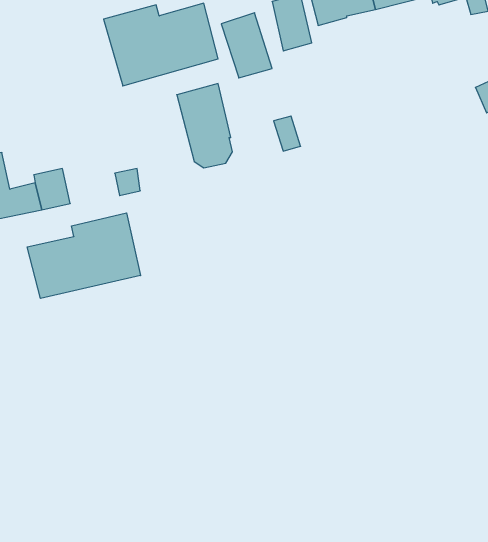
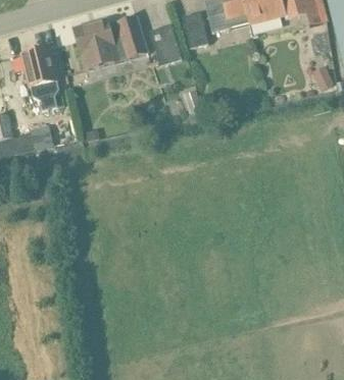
building: [177,84,232,168] -> [23,47,59,101]
building: [27,213,141,298] -> none

